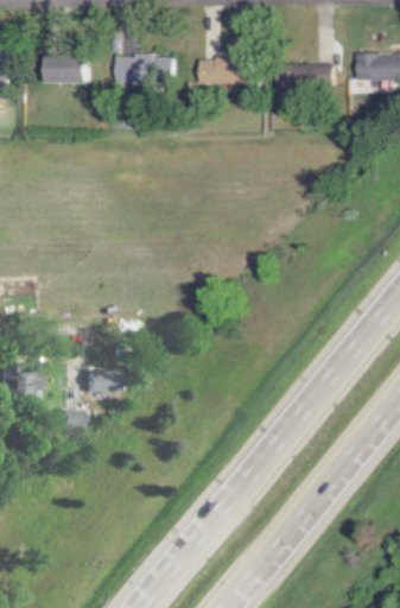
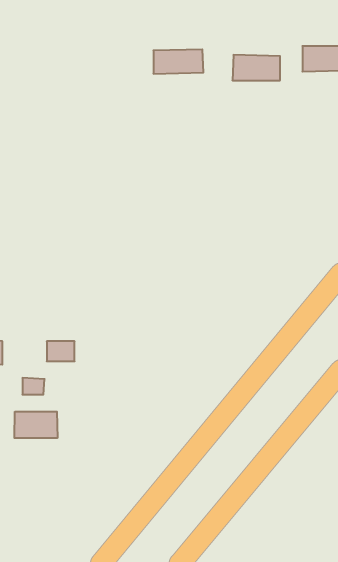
building: [47,55,90,82] -> none
building: [115,56,173,88] -> none
building: none -> [14,412,57,438]

